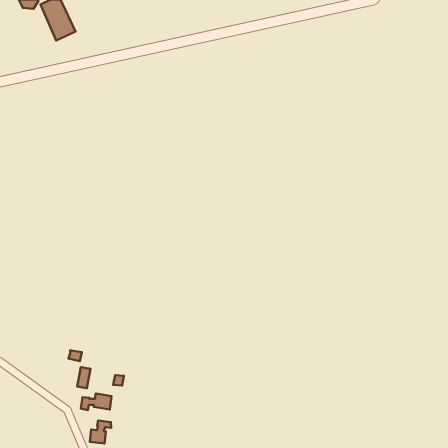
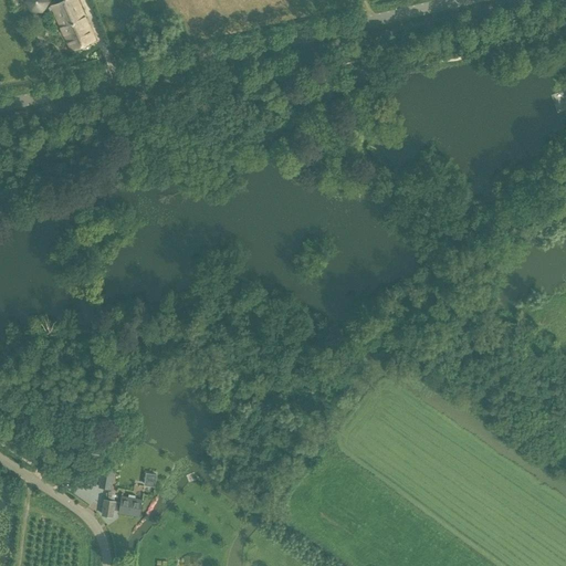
building: [90,421,111,444] -> none

